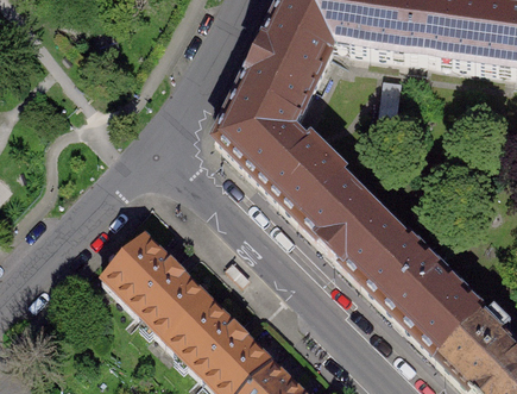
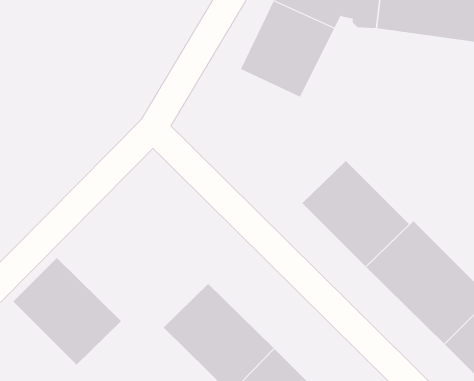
building: [217,89,347,219] -> none
building: [105,234,210,339] -> [13,257,122,365]

